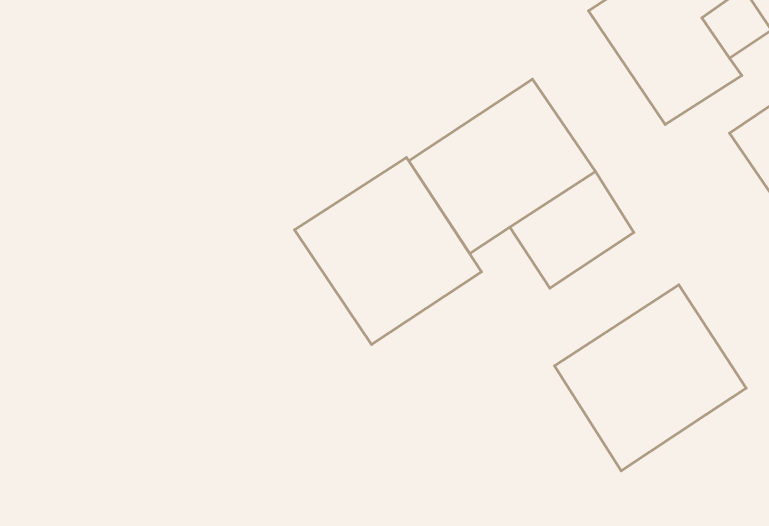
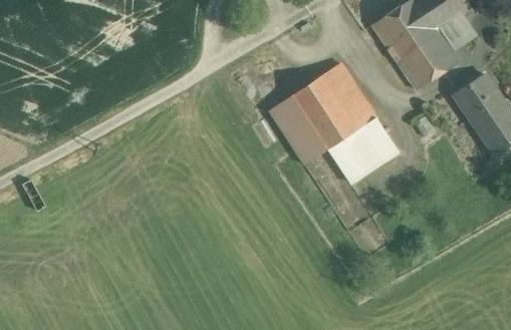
building: [295,157,482,344] -> none
building: [554,285,746,471] -> none

